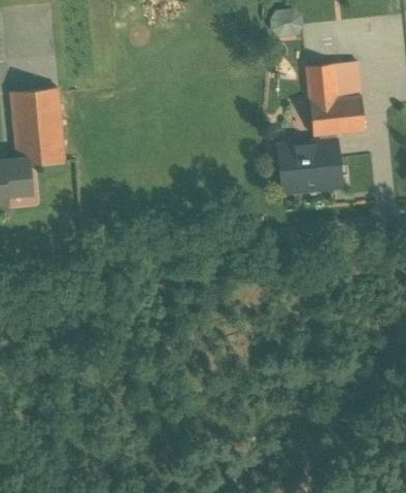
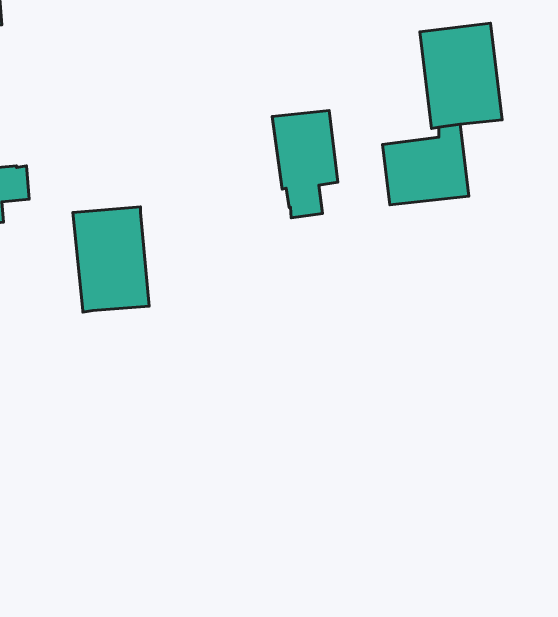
building: [10,89,65,164] -> [73,207,149,312]
building: none -> [272,111,338,218]

